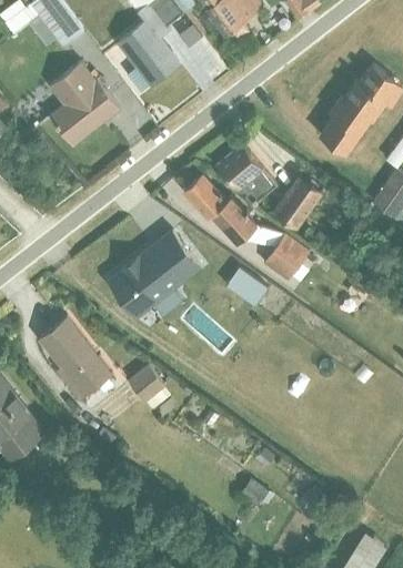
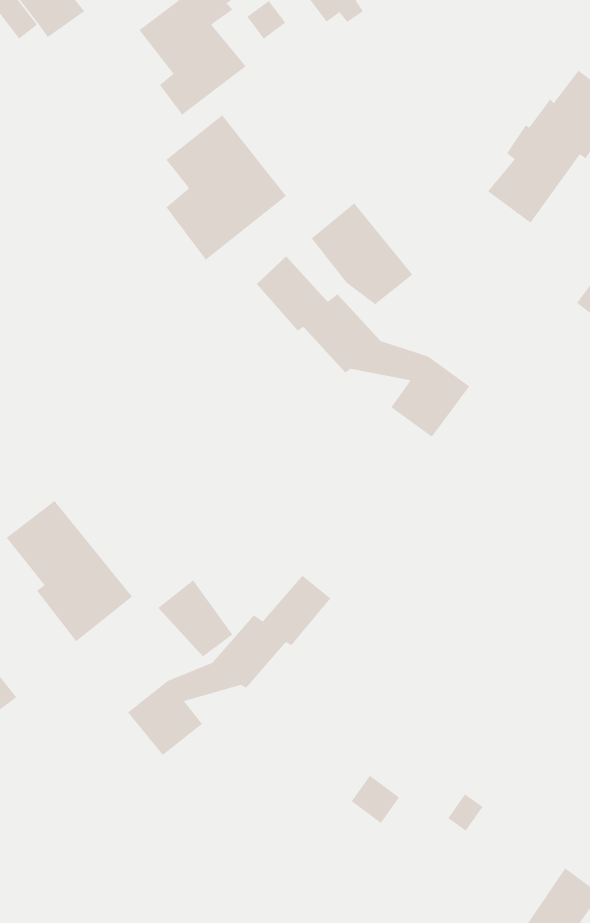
building: [49,61,120,146] -> [166,115,287,260]
building: [272,176,323,230] -> none
building: [105,230,202,318] -> none
building: [226,268,268,306] -> none
building: none -> [127,575,331,756]

